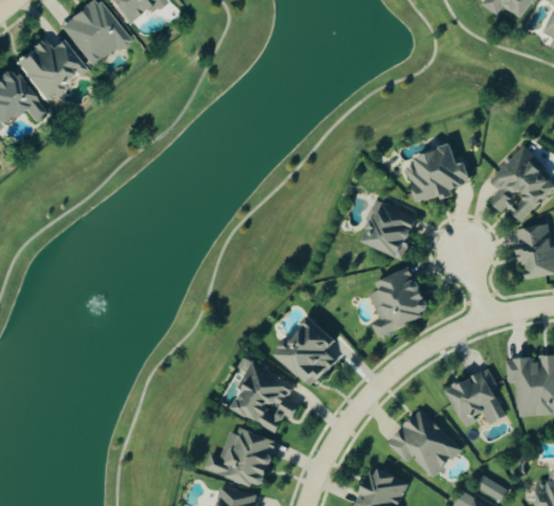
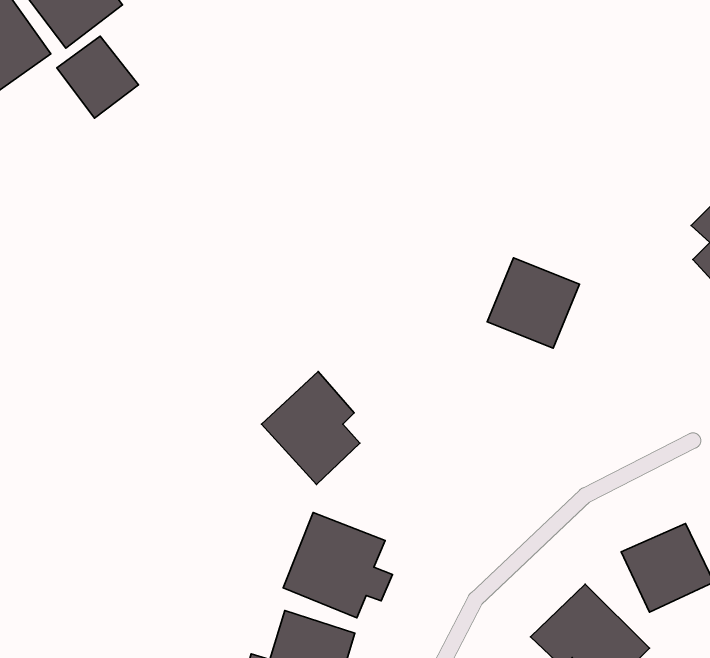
building: none -> [57,36,139,118]
building: [404,144,471,202] -> none
building: [368,267,431,337] -> none
building: [274,316,336,388] -> [262,371,360,485]

